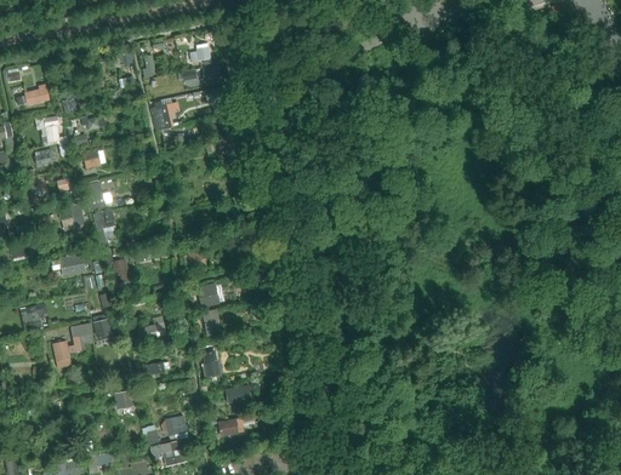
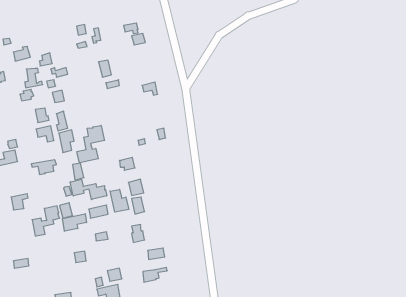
building: none -> [77,125,105,163]
building: none -> [70,179,107,200]
building: none -> [110,189,129,212]
building: none -> [62,214,86,231]

